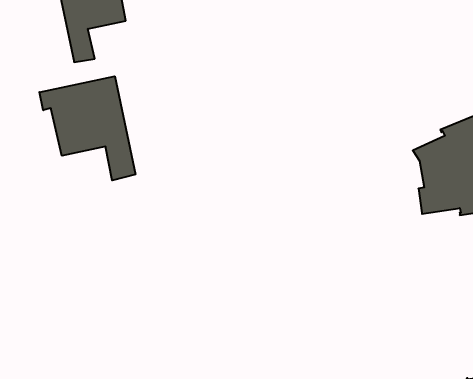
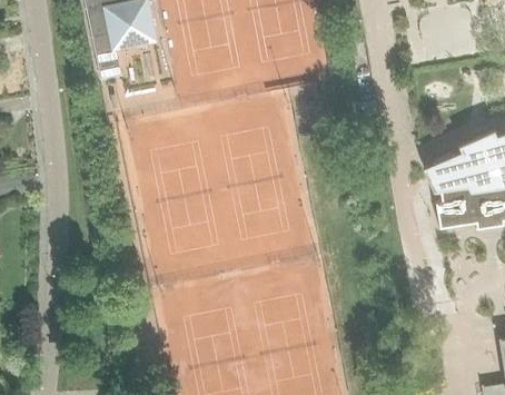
building: [39,76,135,180] -> none

